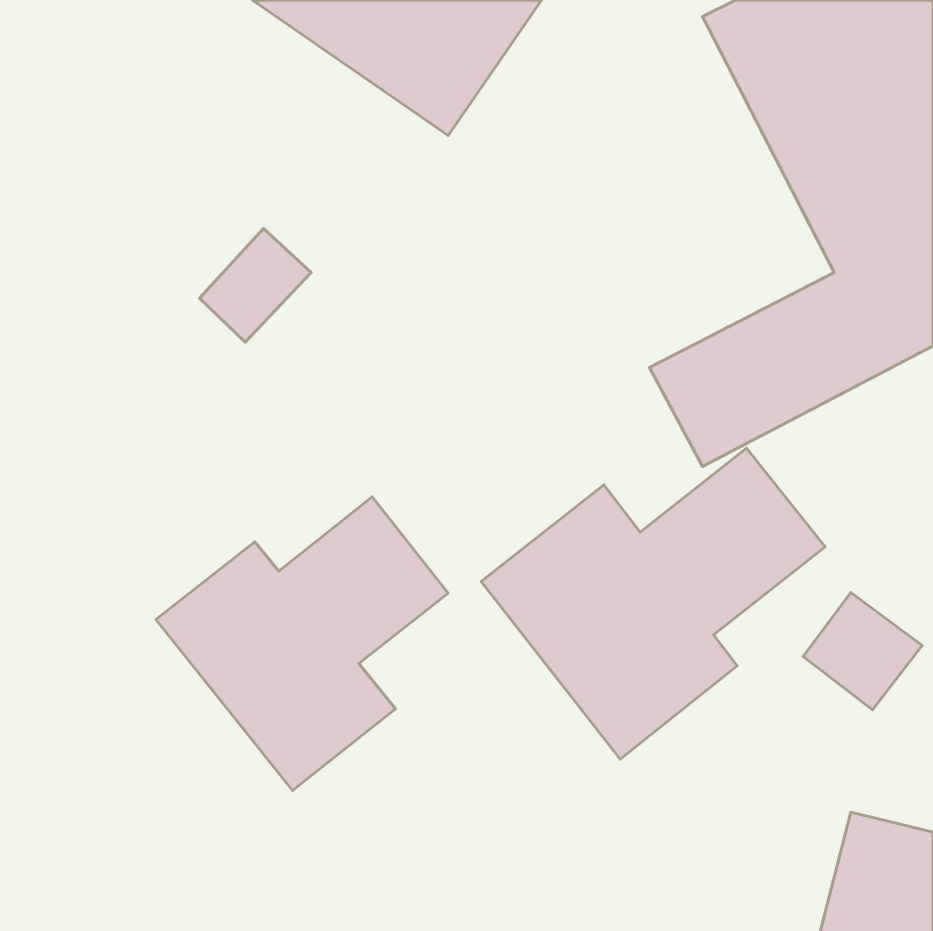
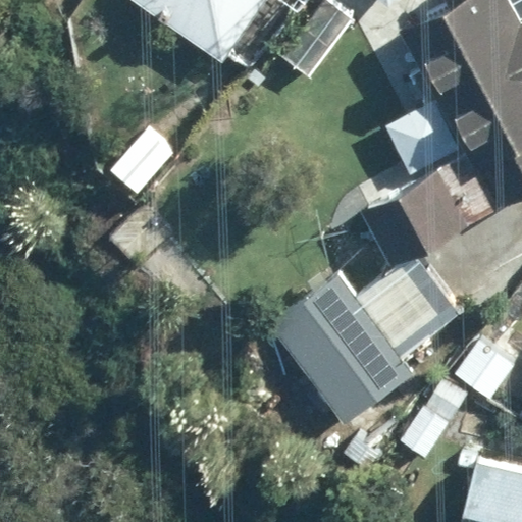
building: [156,497,448,790] -> none

